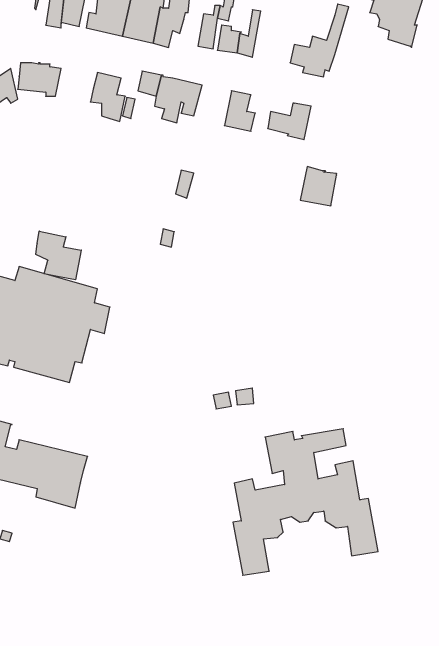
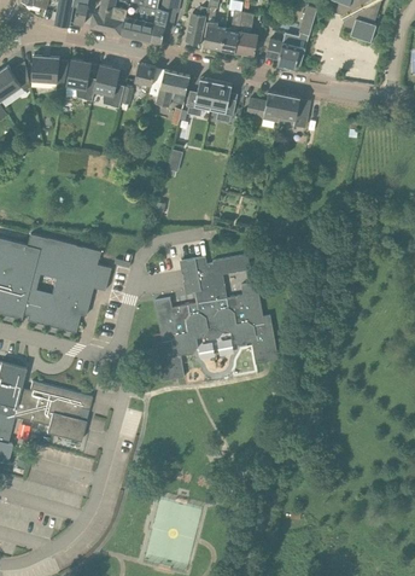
building: none -> [234,11,257,54]
building: none -> [66,58,97,99]
building: none -> [187,77,216,110]
building: [300,167,337,206] -> [279,93,310,127]
building: [36,231,81,280] -> none
building: [233,429,378,575] -> [153,254,279,380]

